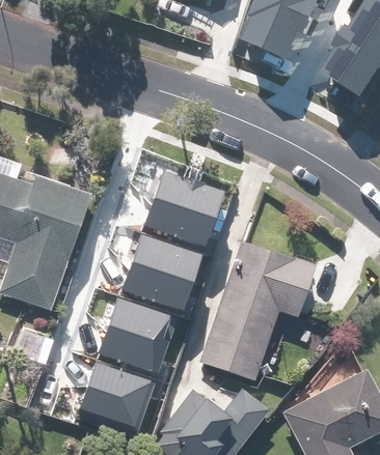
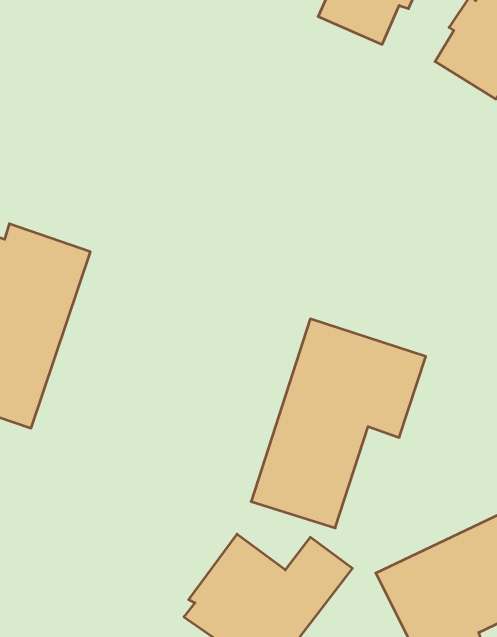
building: [144,172,219,239] -> none
building: [125,232,197,300] -> none
building: [100,297,173,364] -> none
building: [81,364,151,427] -> none

